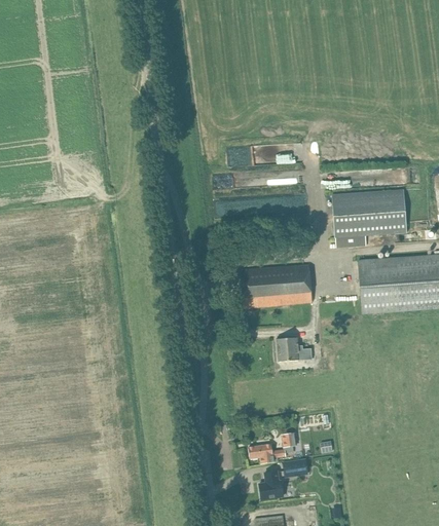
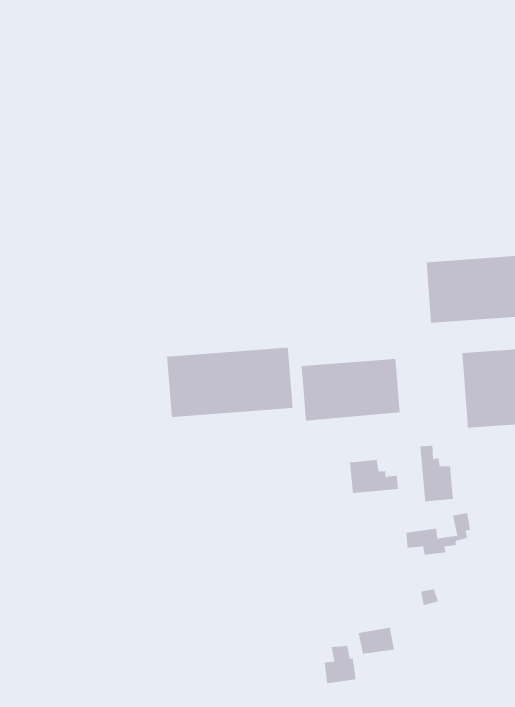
building: none -> [167,347,293,418]
building: none -> [420,445,453,502]
building: [249,431,296,462] -> [405,513,471,555]

